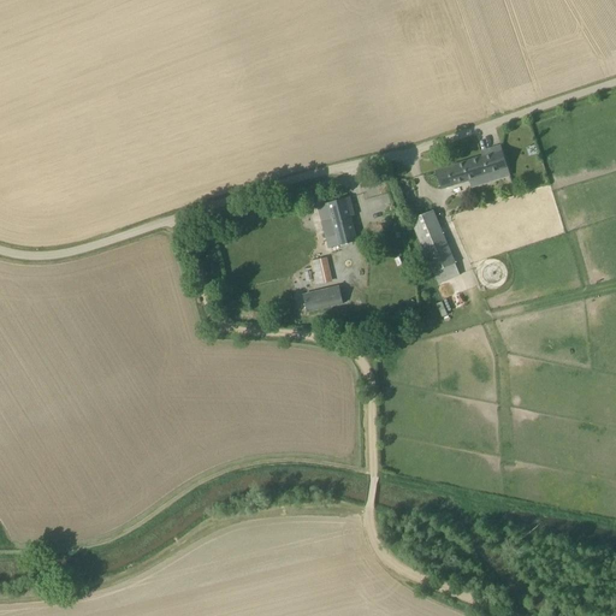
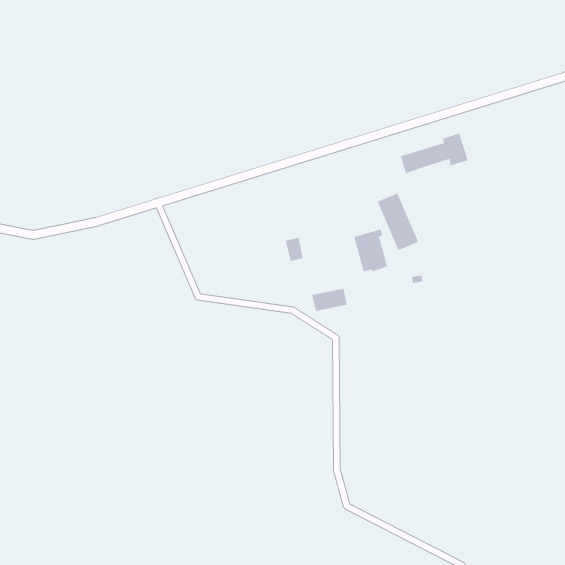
building: [318,197,355,244] -> [353,229,388,272]
building: [301,288,340,313] -> [311,288,348,311]

